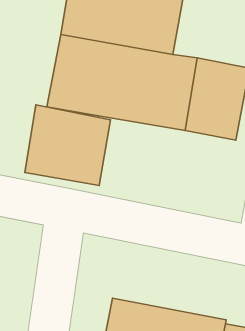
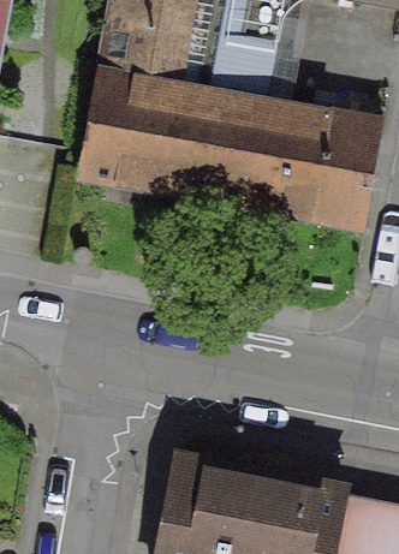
building: [25,105,111,185] -> none

